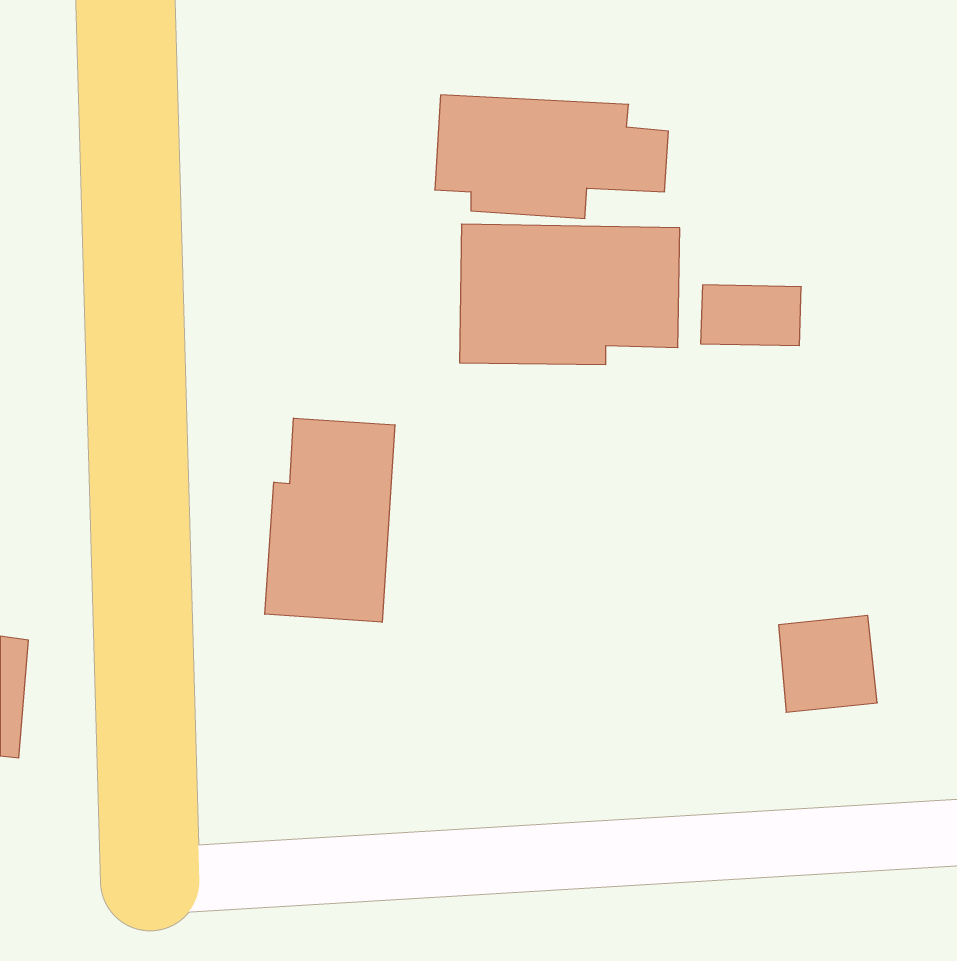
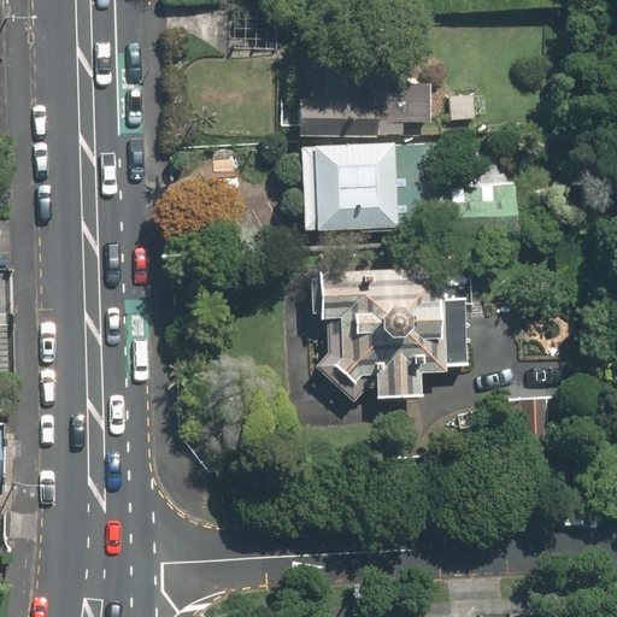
building: [265,418,395,622] -> none
building: none -> [311,272,469,406]

